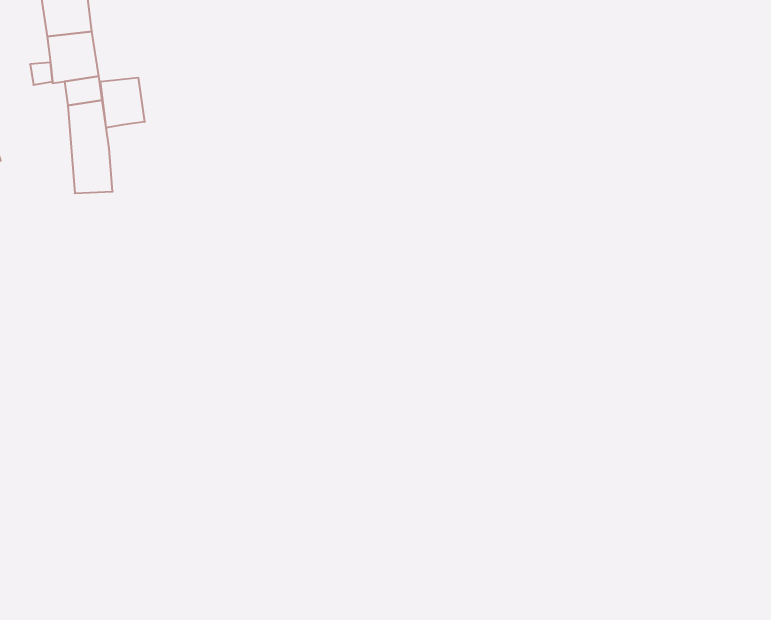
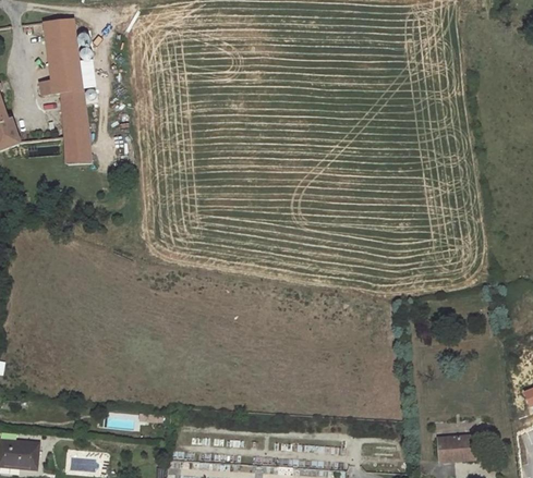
building: [101,78,145,128] -> none

